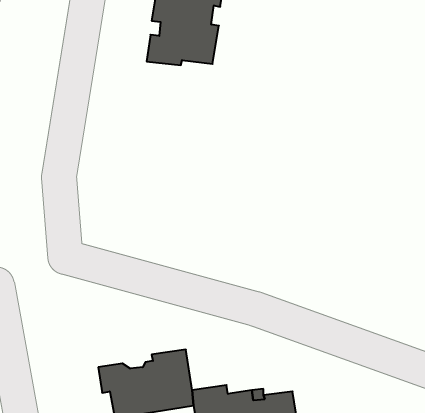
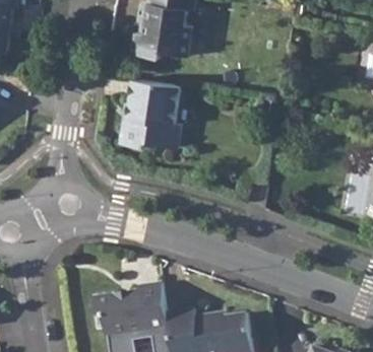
building: none -> [118,77,178,146]

